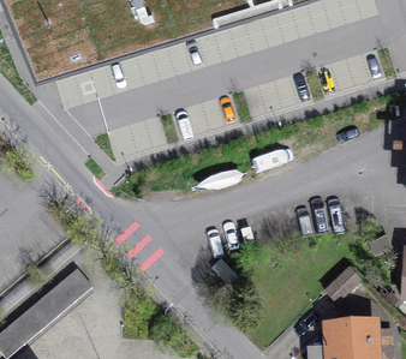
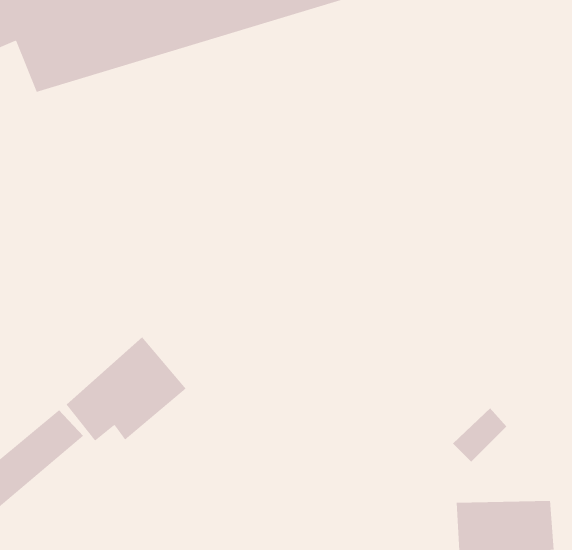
building: none -> [66,336,186,441]

